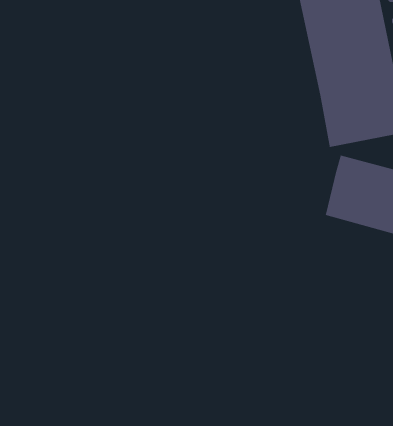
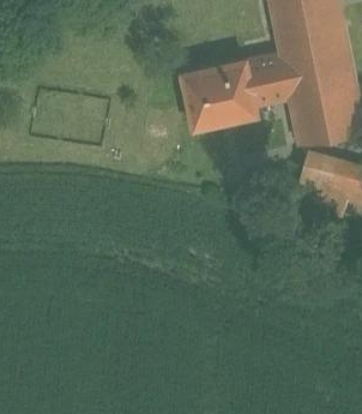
building: none -> [182,54,289,128]

